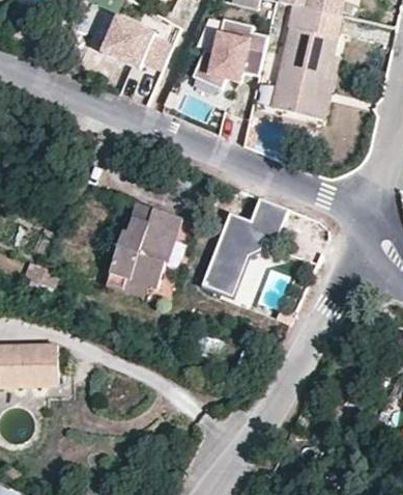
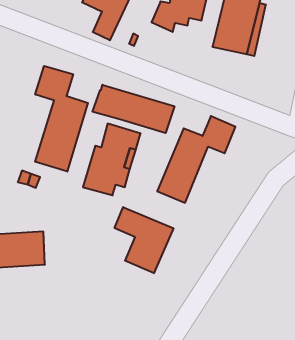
building: none -> [35,66,88,172]
building: none -> [93,85,174,133]
building: none -> [115,207,173,273]

